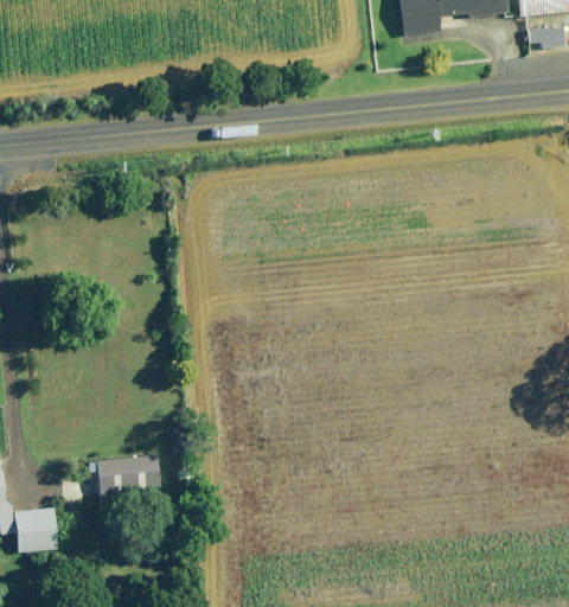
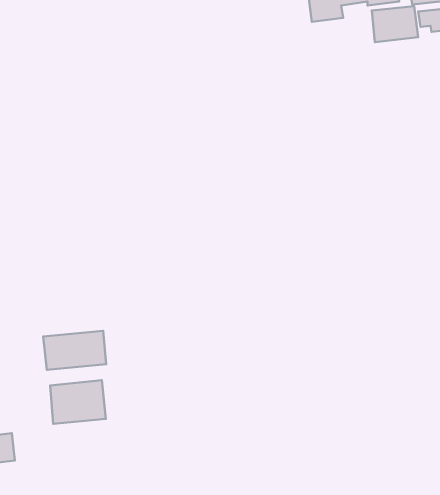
building: none -> [372,6,418,42]
building: none -> [43,331,106,370]

